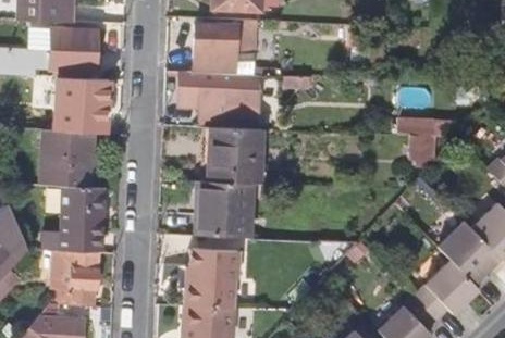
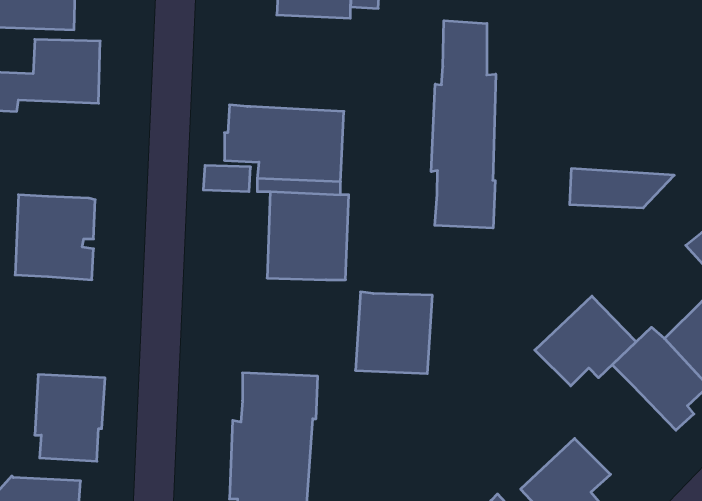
building: none -> [431,21,496,228]
building: [194,23,238,75] -> none
building: [61,76,107,134] -> none
building: [41,186,103,253] -> none
building: [195,186,246,240] -> [355,292,432,374]
building: [411,258,479,317] -> [535,296,636,386]

